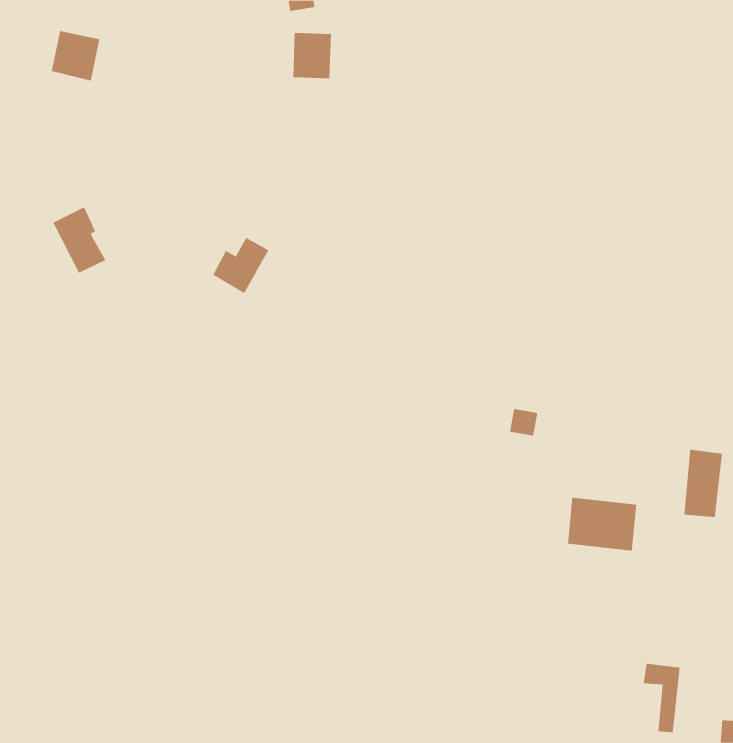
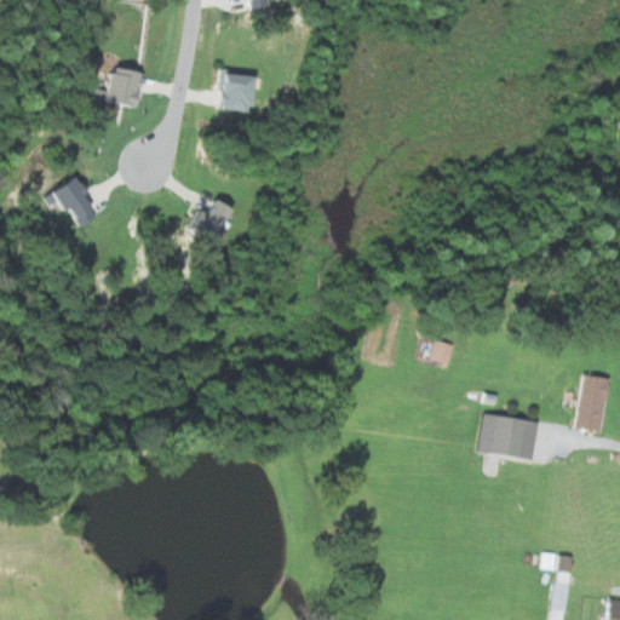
building: [51,30,100,81] -> [102,65,143,108]
building: [292,32,332,79] -> [218,71,251,110]

